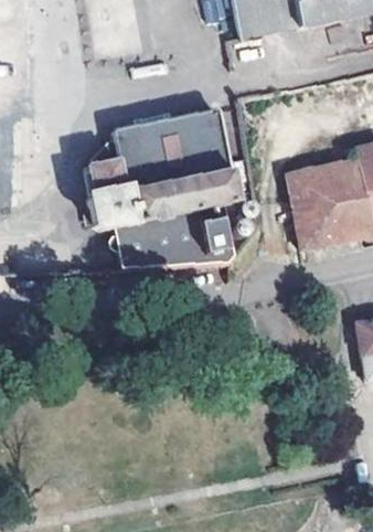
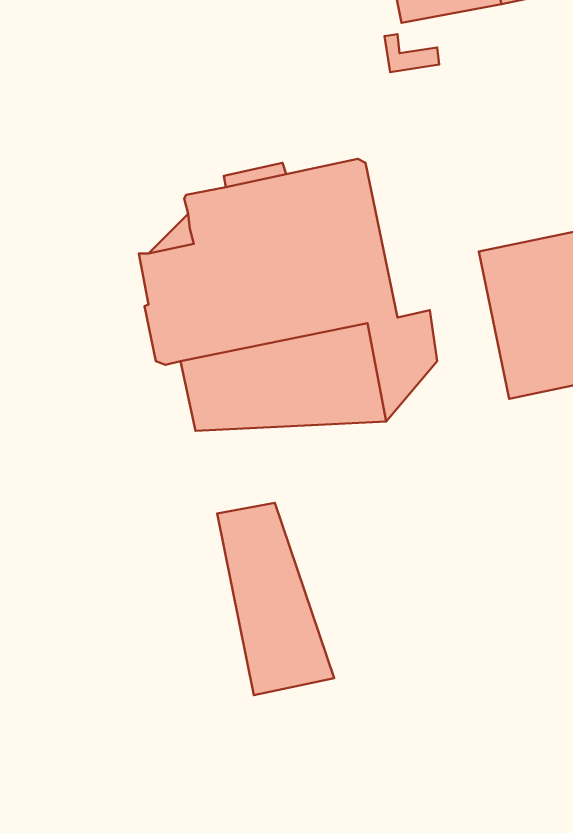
building: none -> [217,503,334,695]

